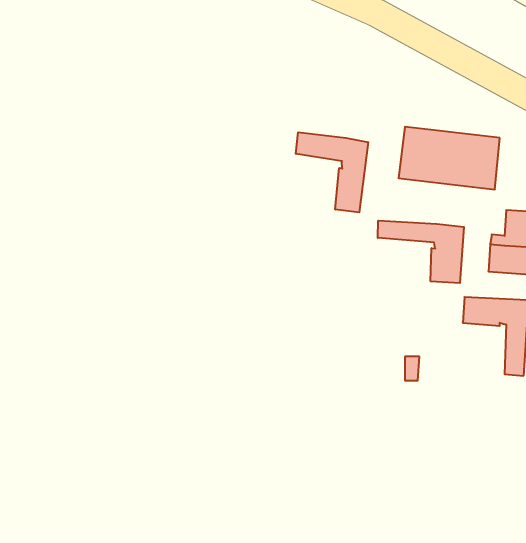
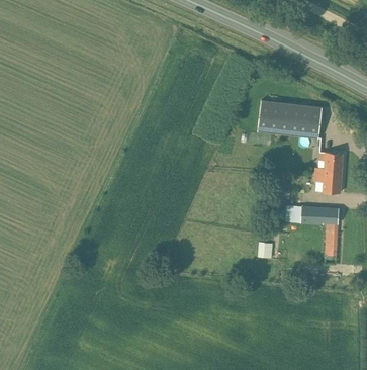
building: [296,132,368,212] -> none
building: [378,221,464,283] -> none

